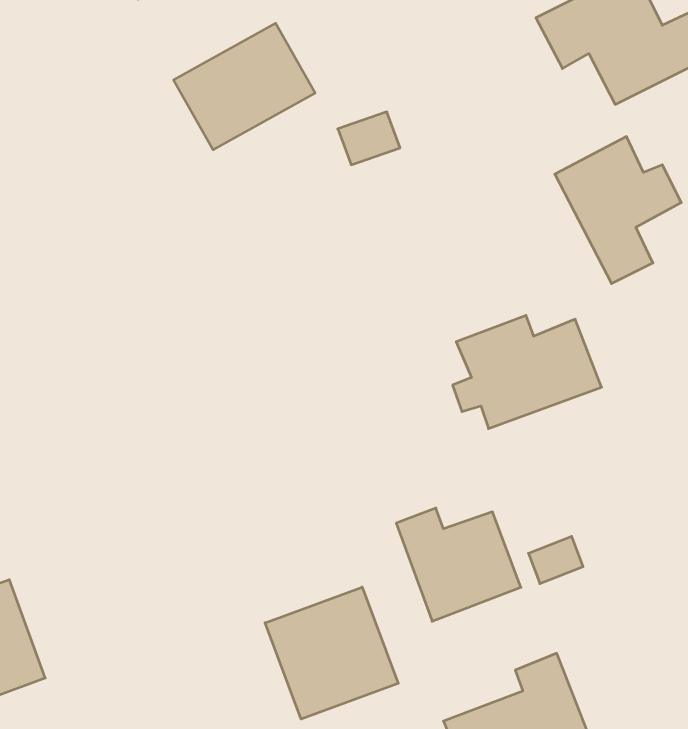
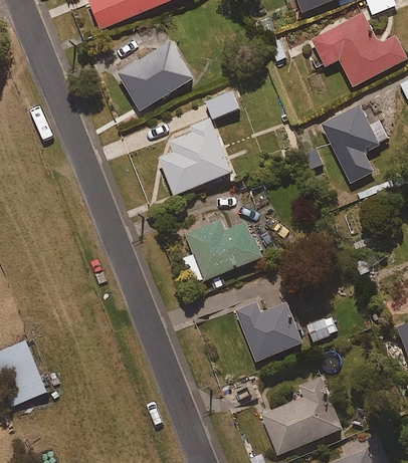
building: none -> [158,123,231,195]
building: [453,315,602,429] -> [183,219,262,279]
building: [265,587,398,719] -> none

